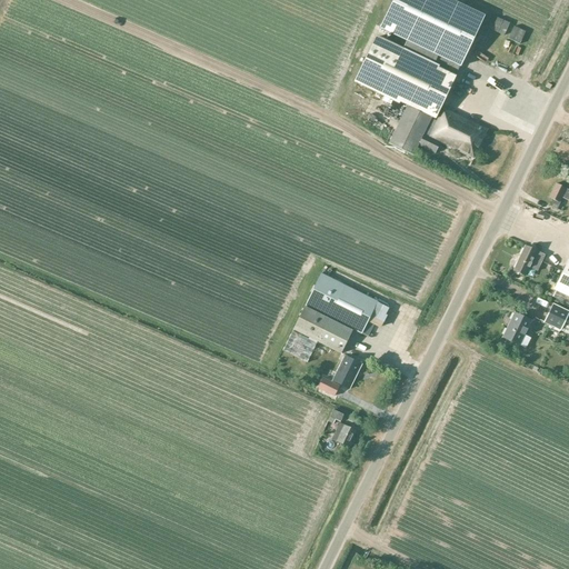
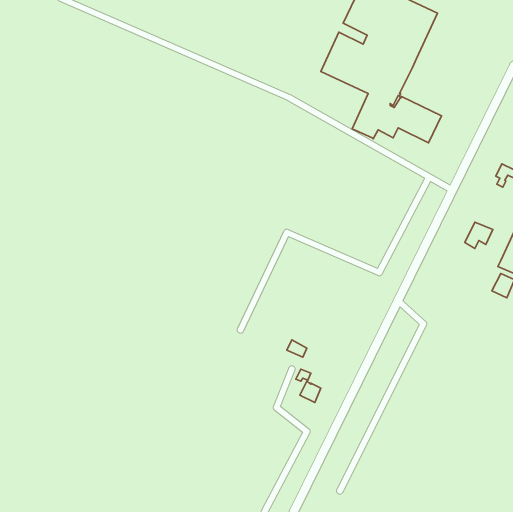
building: [283,271,378,361] -> none
building: [503,311,532,343] -> none
building: [333,355,362,387] -> none

